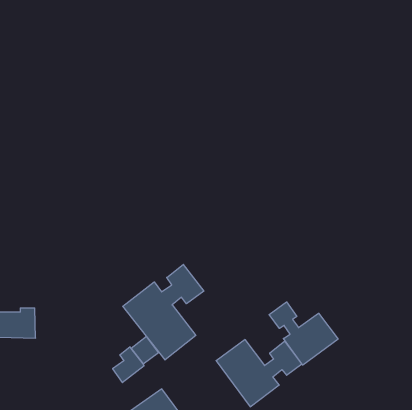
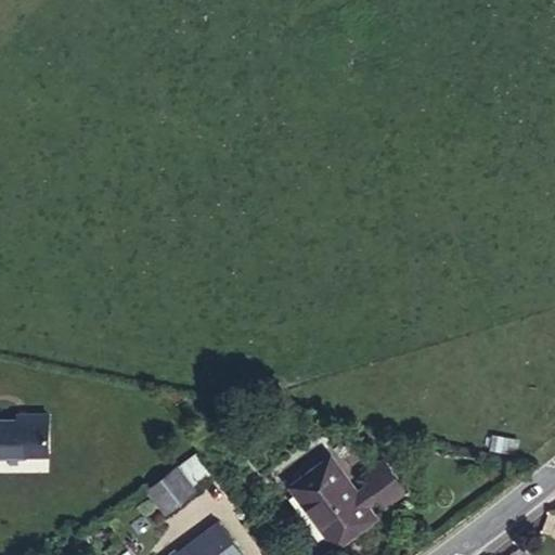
building: [123,264,204,360] -> none
building: [269,302,338,365] -> none

